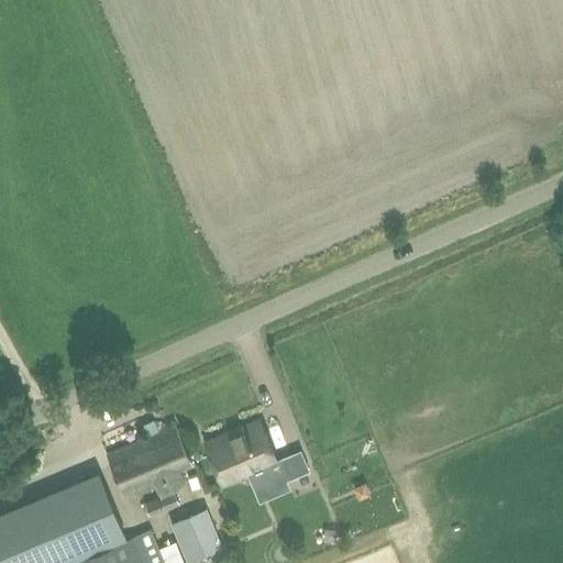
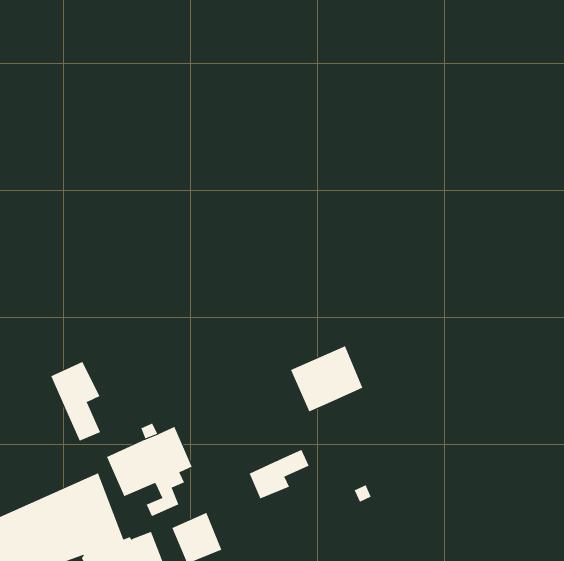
building: none -> [50,361,101,442]
building: [203,420,276,486] -> [290,346,363,412]

